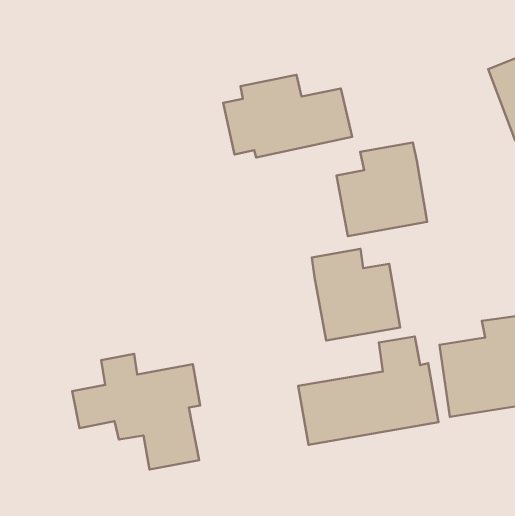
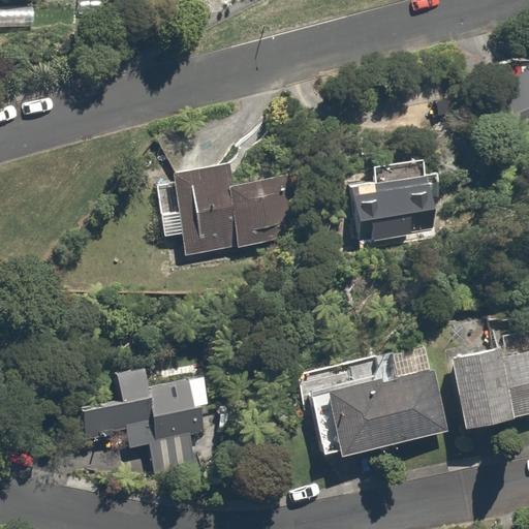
building: [223,75,352,158] -> [156,165,285,248]
building: [312,249,400,340] -> none

